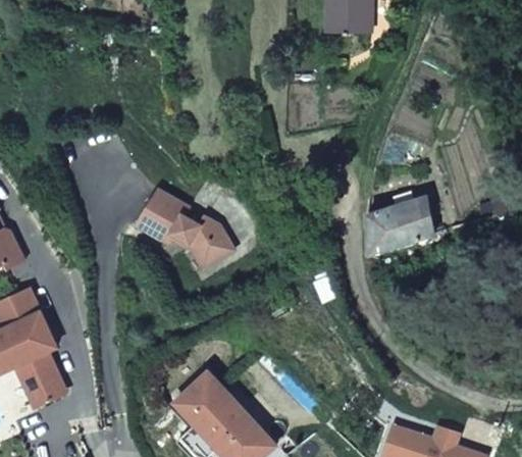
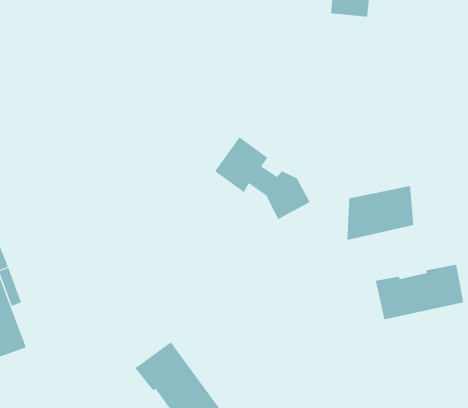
building: [133,188,230,266] -> [214,136,311,220]
building: none -> [375,264,464,320]

